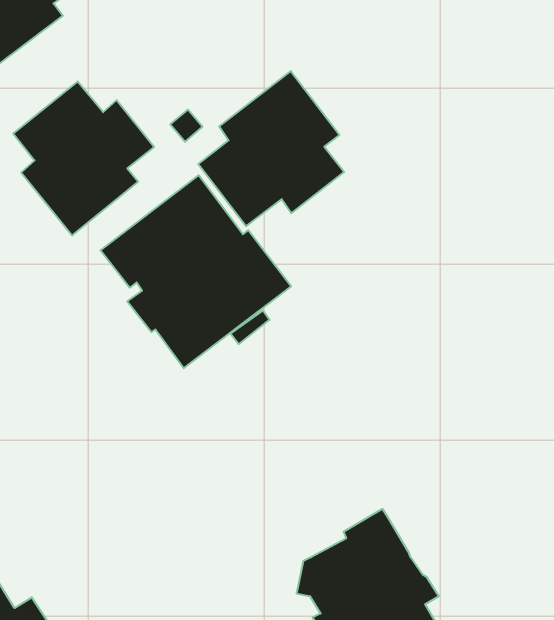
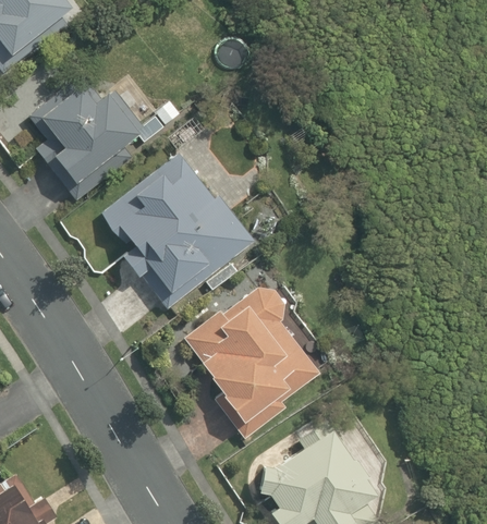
building: [198,71,344,226] -> none
building: none -> [184,288,317,439]

